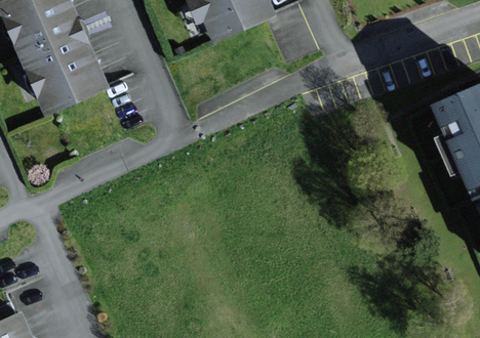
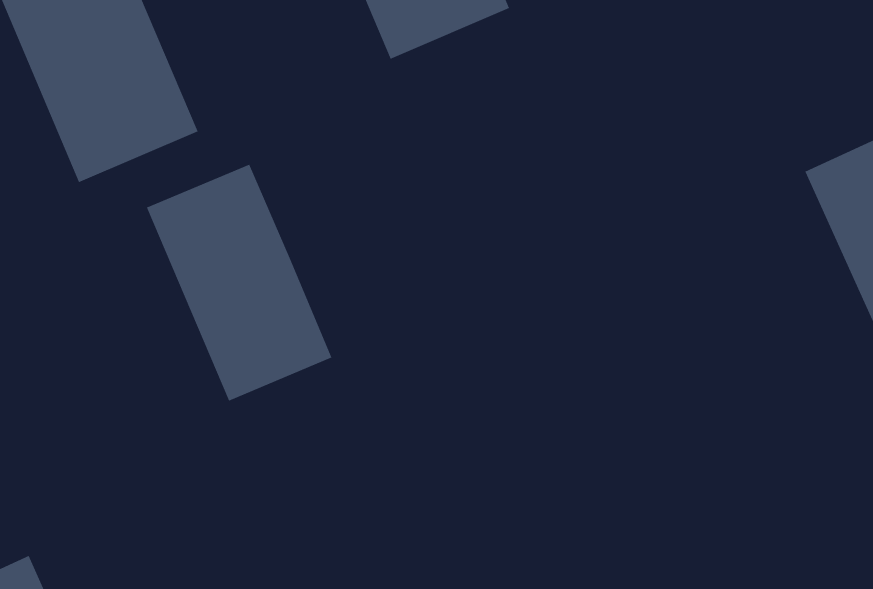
building: none -> [146,164,332,401]

